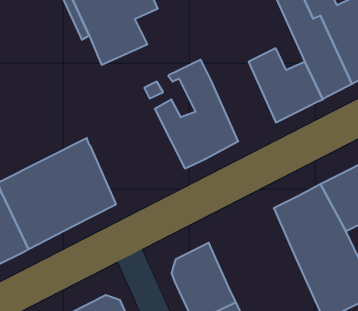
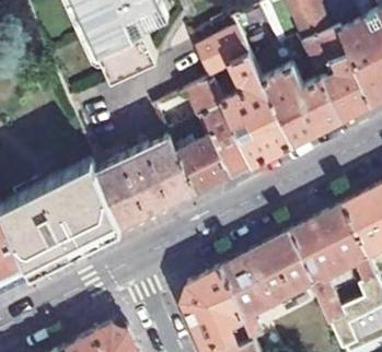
building: none -> [198,27,290,163]
building: none -> [96,136,195,228]
building: none -> [220,233,311,318]

